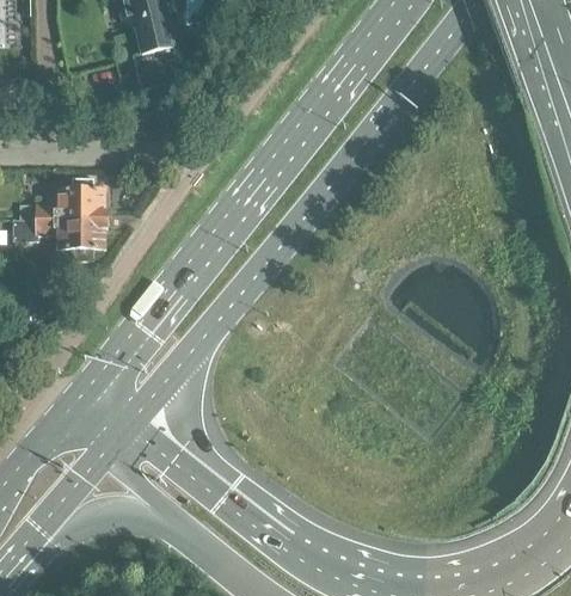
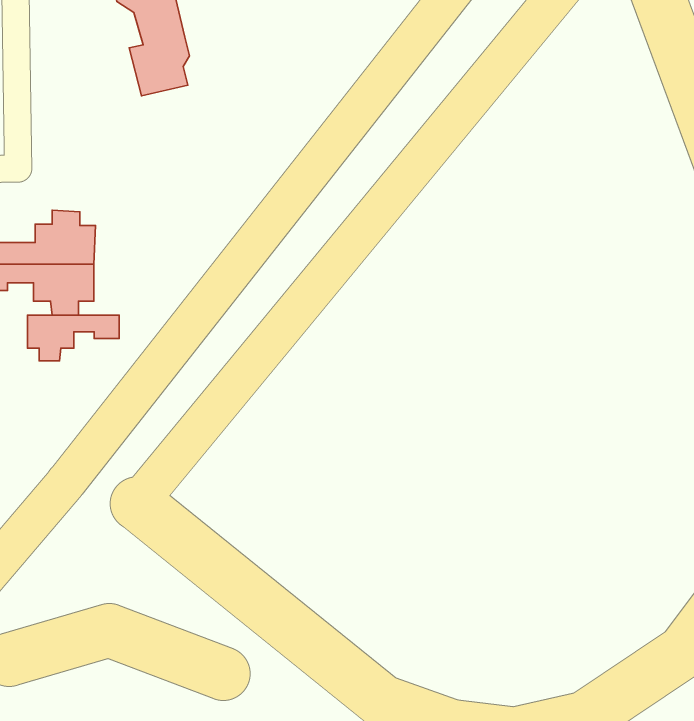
building: none -> [27,315,119,361]

